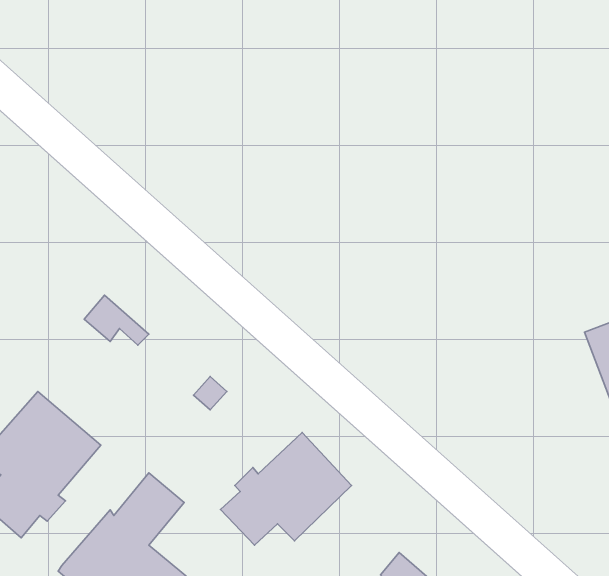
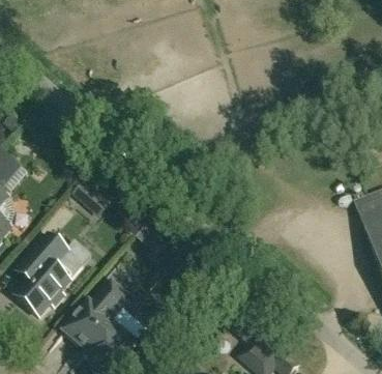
building: [220,433,351,545] -> none

